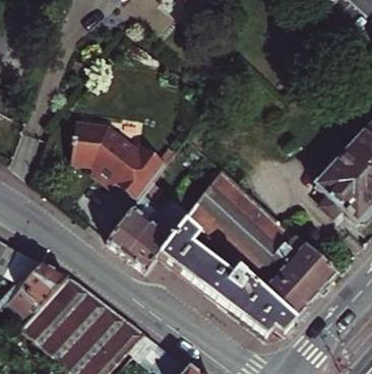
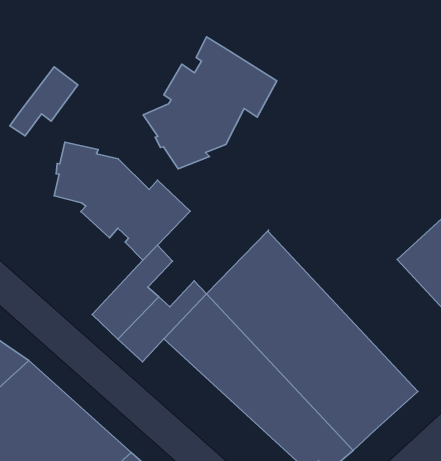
building: none -> [143,37,277,169]
building: none -> [10,67,78,136]

